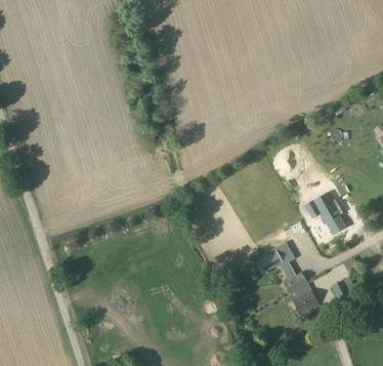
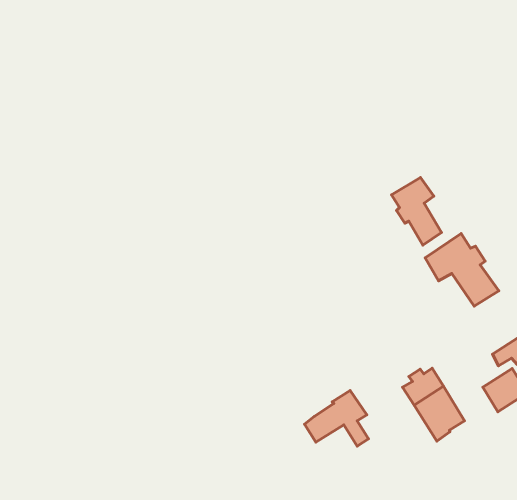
building: none -> [391,177,442,245]
building: [258,242,296,276] -> [305,390,368,446]

